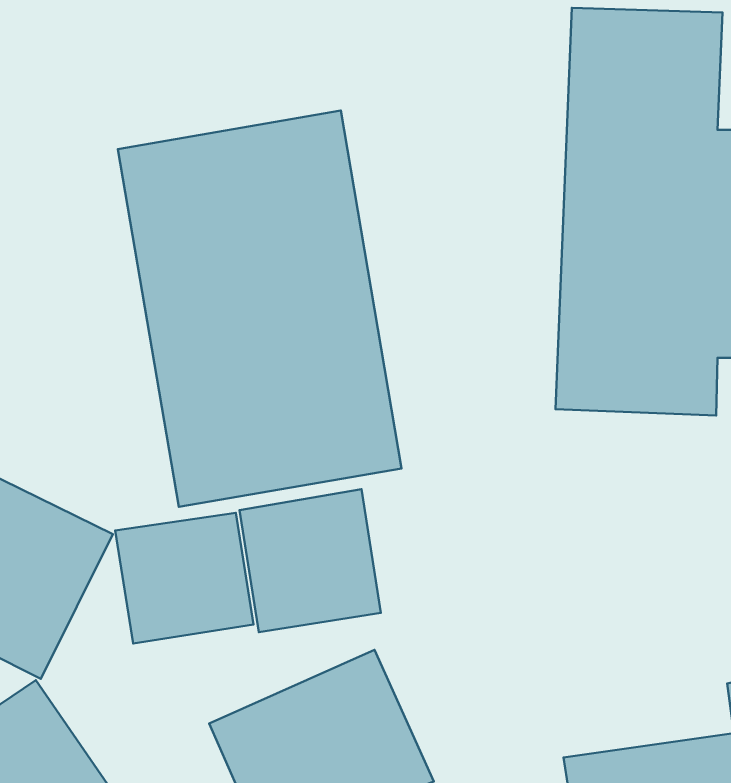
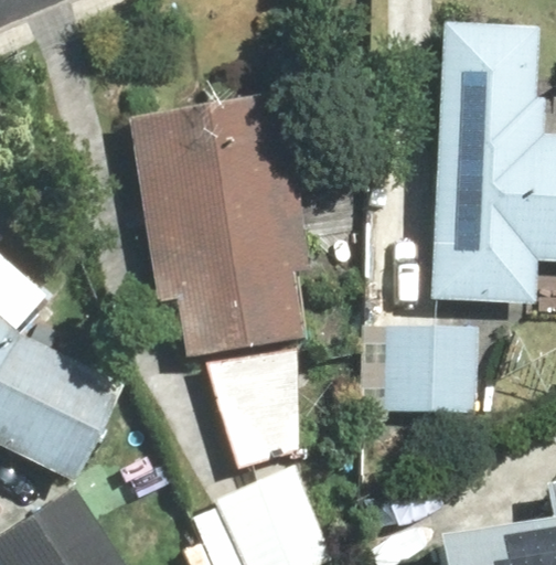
building: none -> [383,327,501,414]
building: [115,513,253,643] -> none

